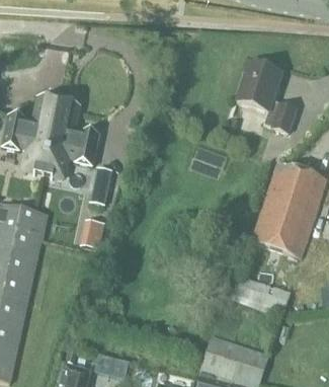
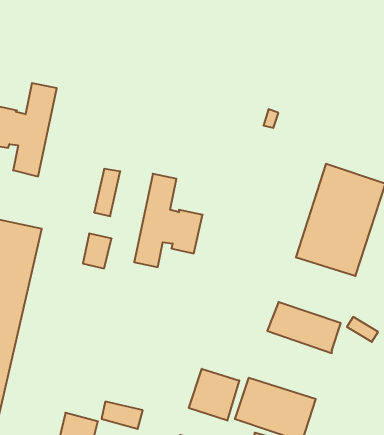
building: [237,62,297,134] -> none
building: [44,100,99,176] -> [134,174,203,267]
building: none -> [189,369,239,421]

